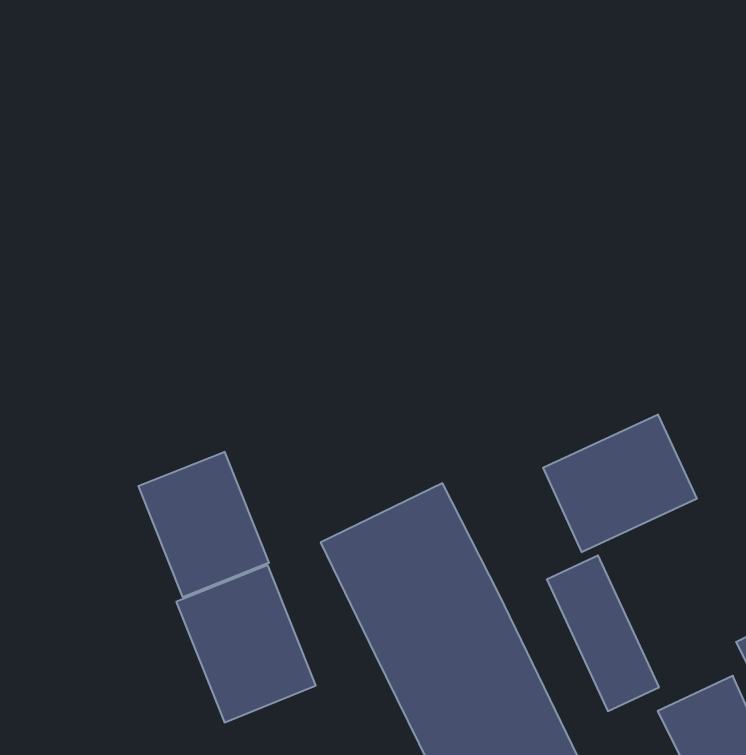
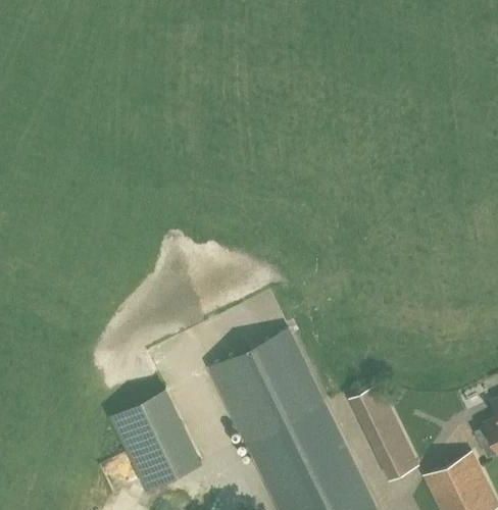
building: [543,414,697,552] -> none
building: [138,452,269,597] -> none

